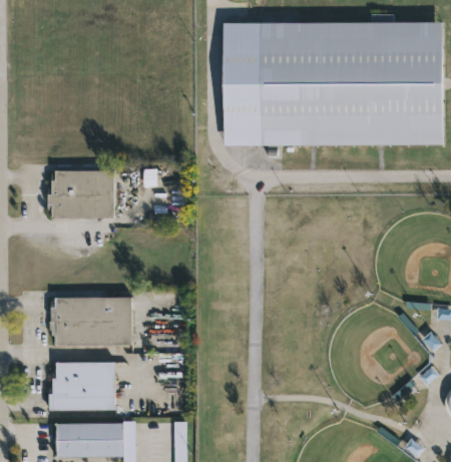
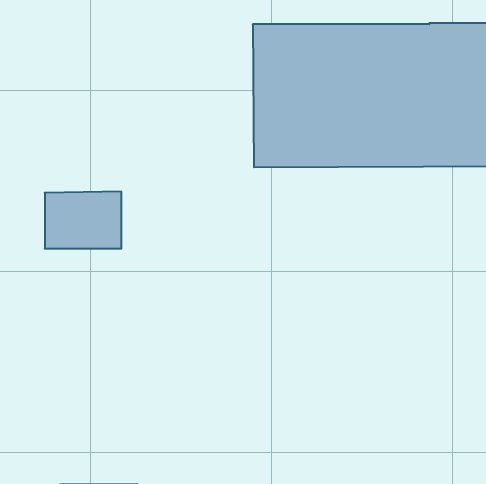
building: [50,296,130,344] -> none
building: [51,360,114,408] -> none

